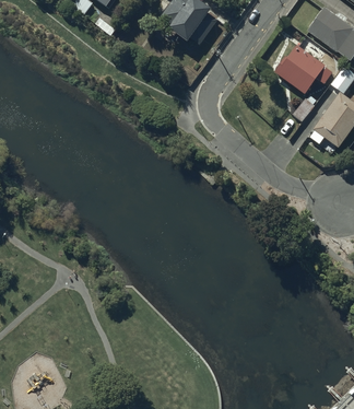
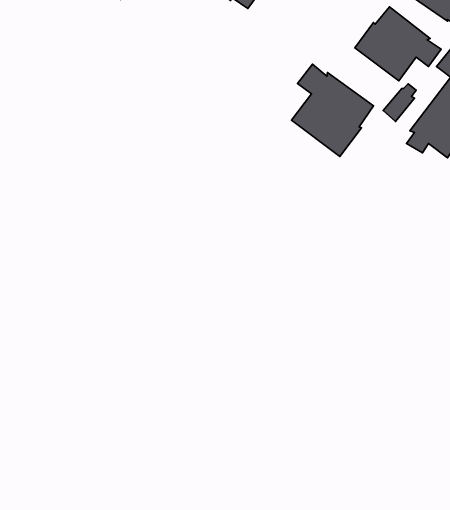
building: none -> [291,64,374,157]

